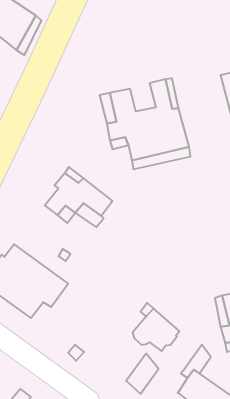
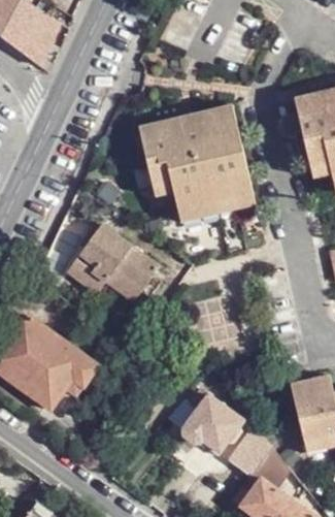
building: none -> [178,108,211,144]
building: [126,354,158,394] -> [229,424,270,476]

